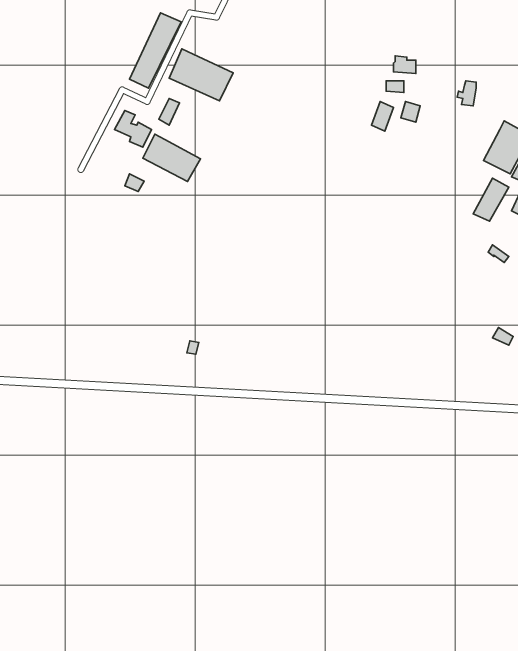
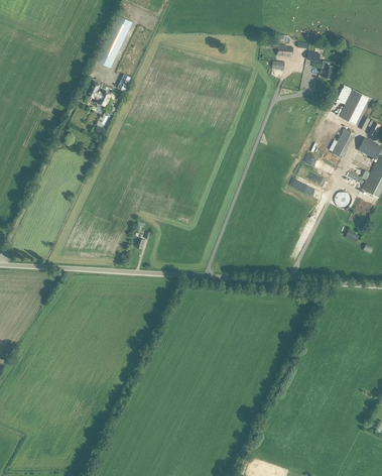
building: [169,49,233,101] -> none
building: [143,134,200,182] -> none

